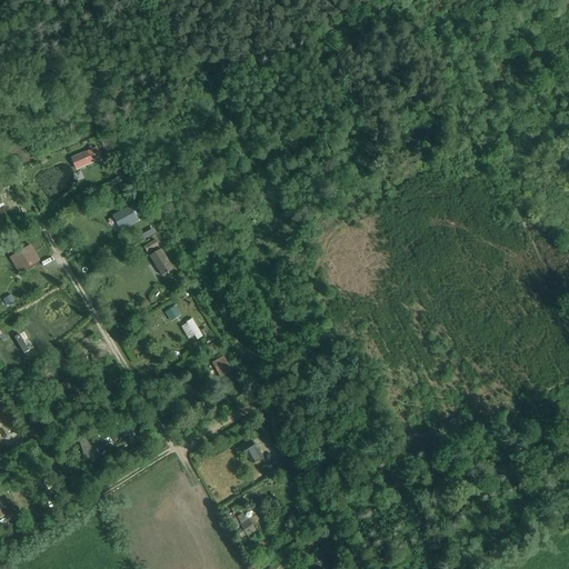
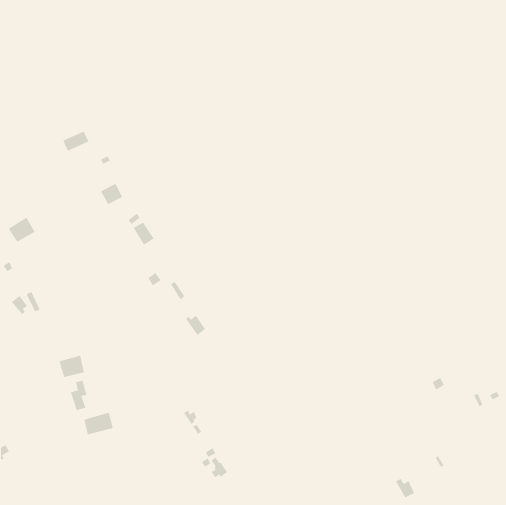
building: none -> [59,355,85,378]
building: none -> [84,412,114,435]

